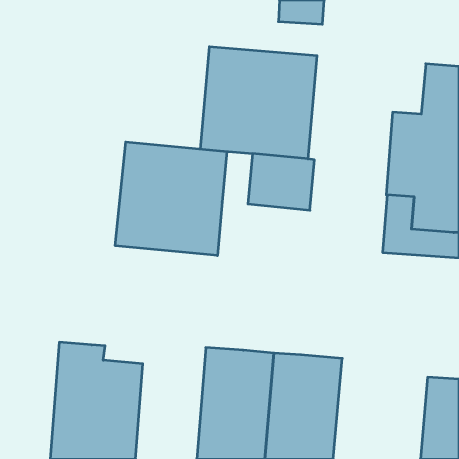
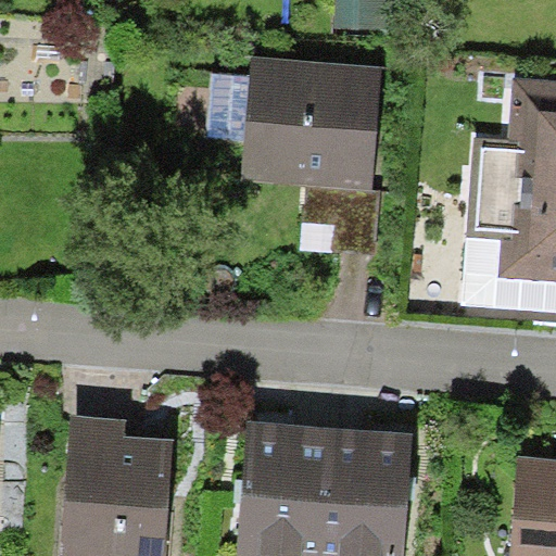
building: [115,142,227,256] -> none

